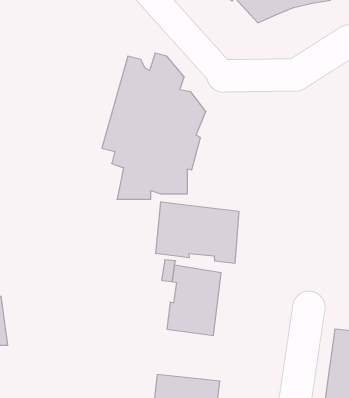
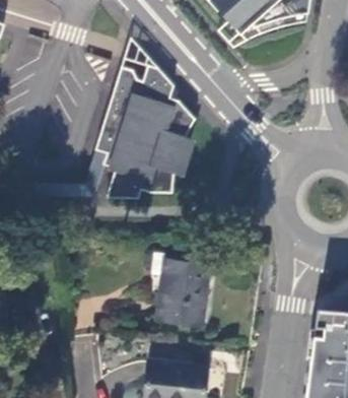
building: [156,202,239,263] -> none

